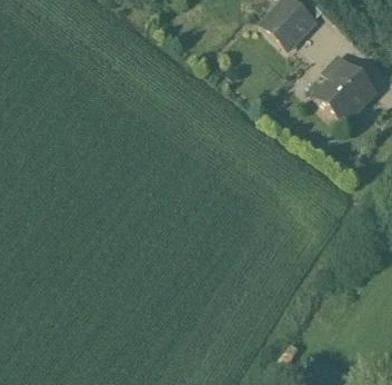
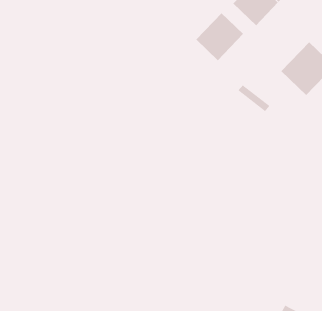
building: none -> [196,12,244,61]

